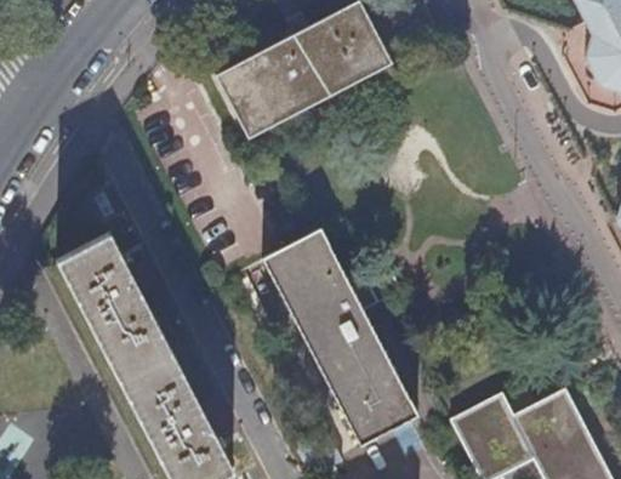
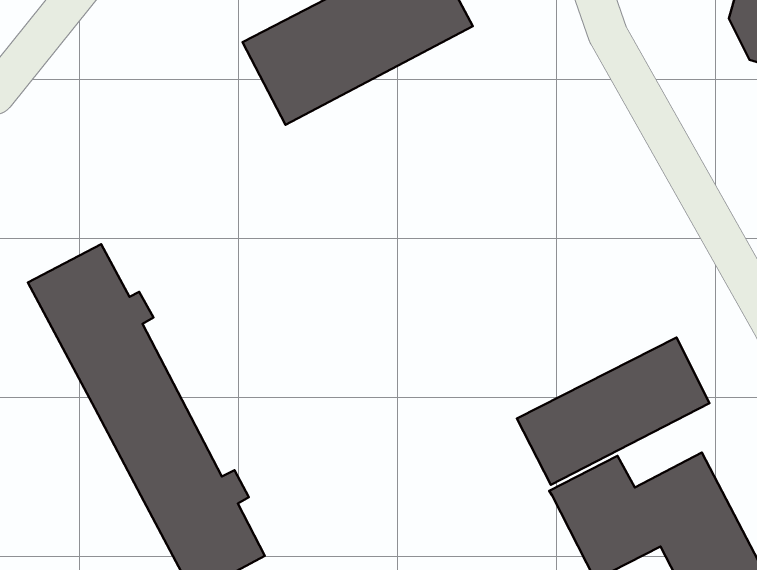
building: [263,230,418,447] -> none
building: none -> [517,337,709,485]

